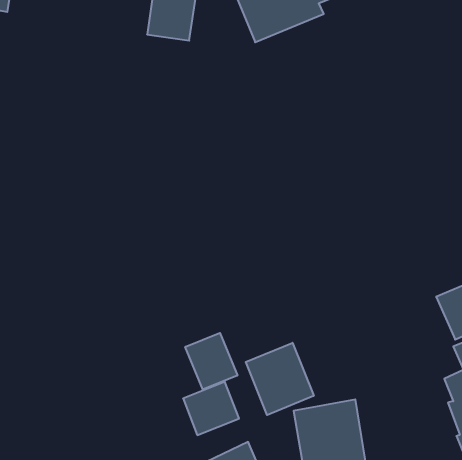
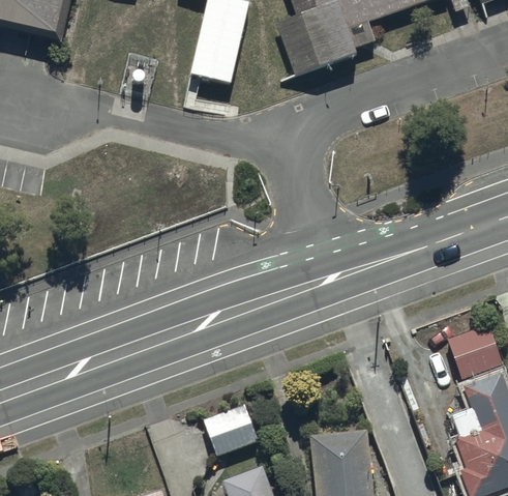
building: [185,333,237,389] -> none
building: [246,343,314,415] -> none

